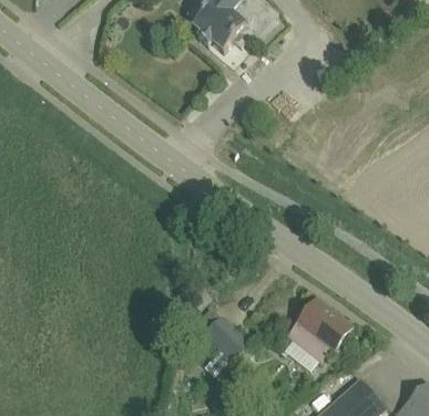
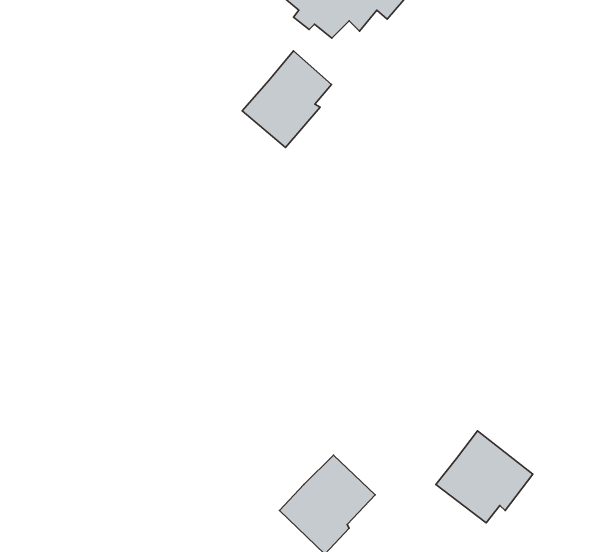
building: none -> [242,51,331,147]

